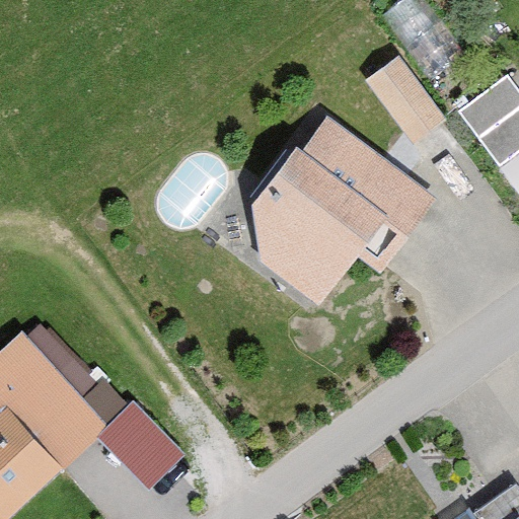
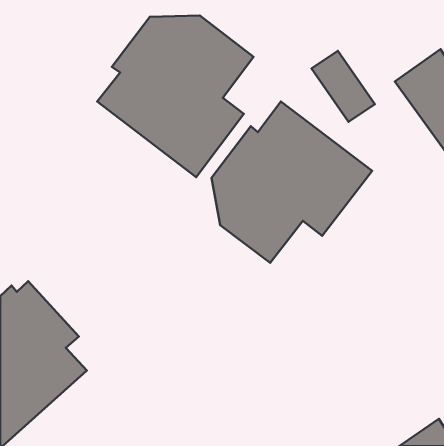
building: none -> [97,15,254,177]
building: [100,384,191,474] -> none

